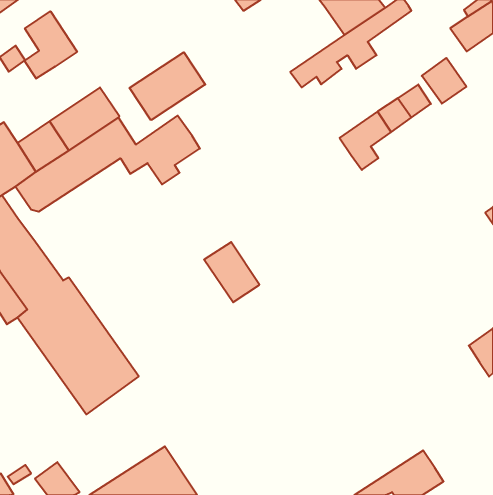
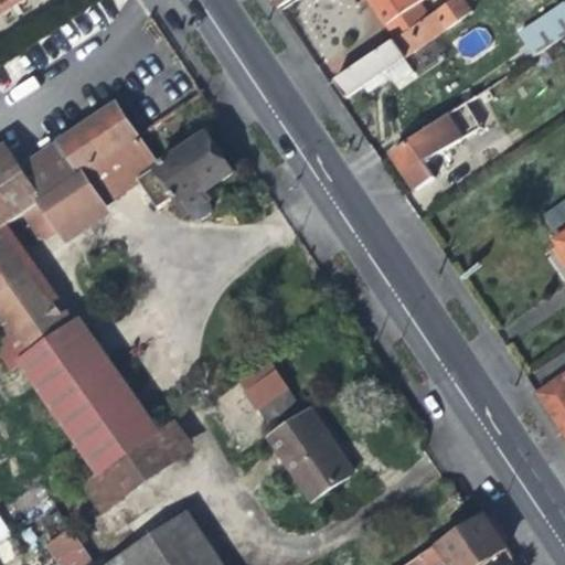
building: [25,11,77,79] -> none
building: [130,52,205,120] -> none
building: [422,58,466,104] -> none
building: [204,242,259,302] -> [231,350,294,418]
building: none -> [267,408,352,500]
building: none -> [81,415,196,514]

